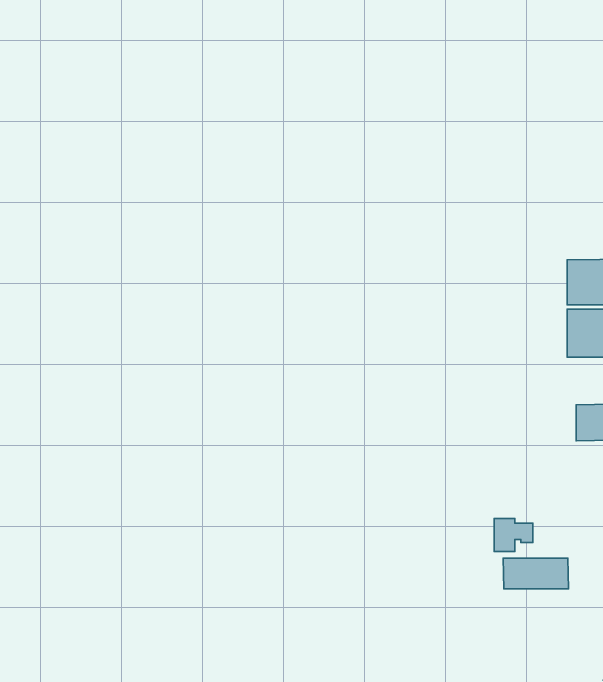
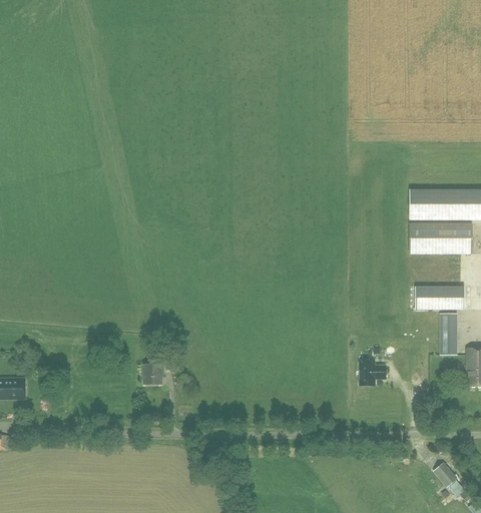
building: none -> [143,363,163,383]
building: [503,558,568,589] -> none

